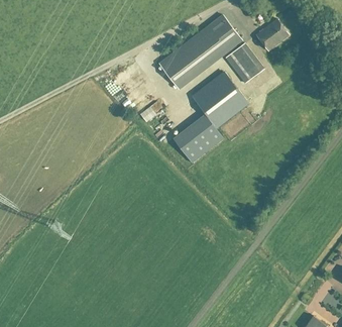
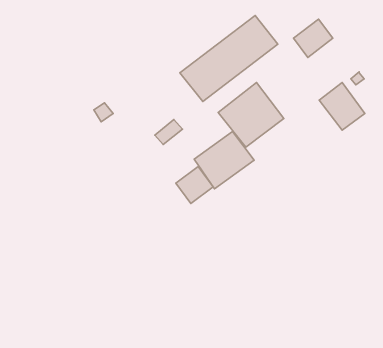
building: [225,42,263,83] -> [319,82,365,130]
building: none -> [176,167,213,203]

